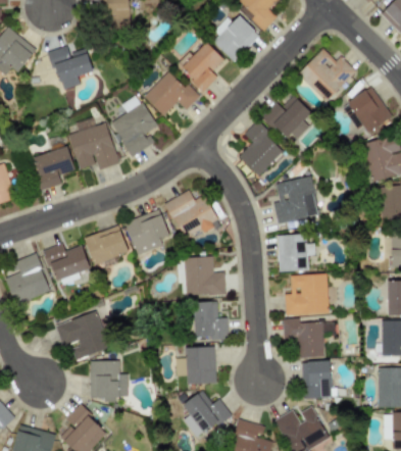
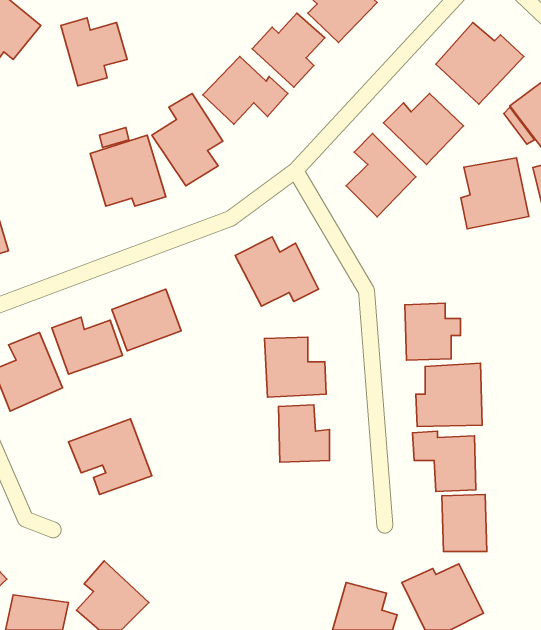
building: [33,146,76,190] -> none
building: [273,177,318,223] -> [461,158,529,229]
building: [126,209,169,255] -> none
building: [176,347,216,384] -> none
building: [90,360,129,402] -> none
building: [184,391,232,435] -> none

